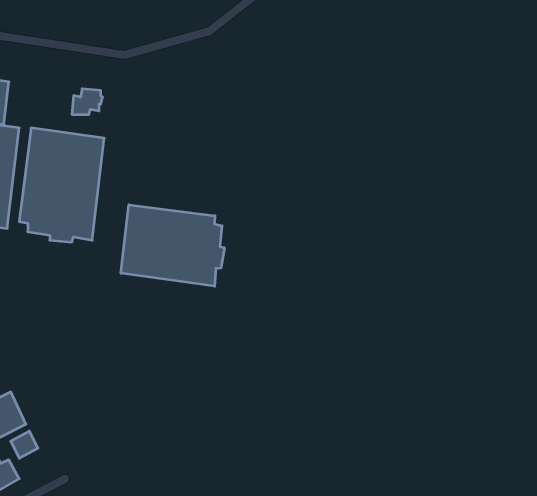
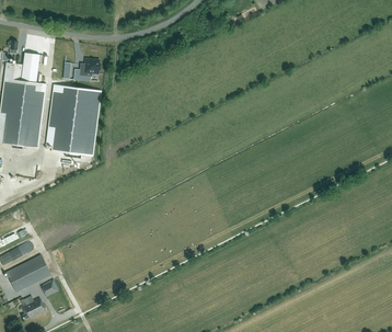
building: [121,205,224,286] -> none

